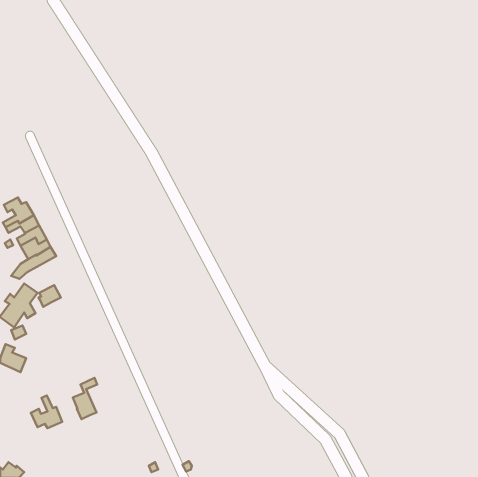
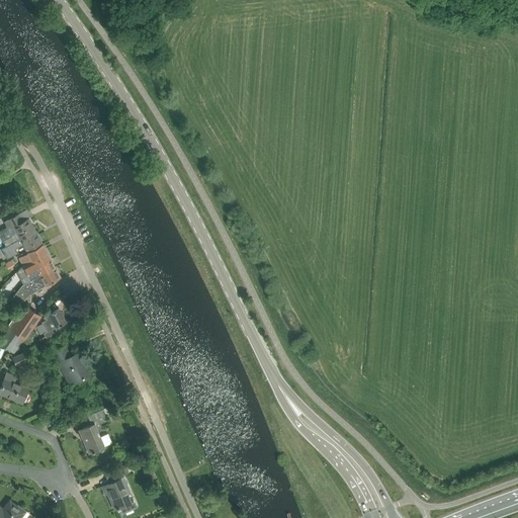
building: none -> [53,346,89,385]
building: [31,396,62,428] -> none
building: none -> [102,466,132,511]

